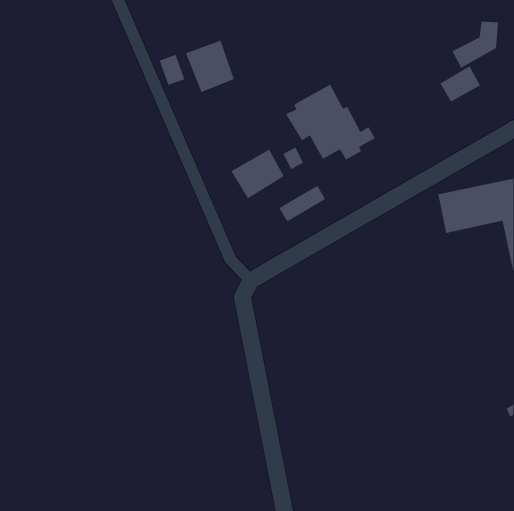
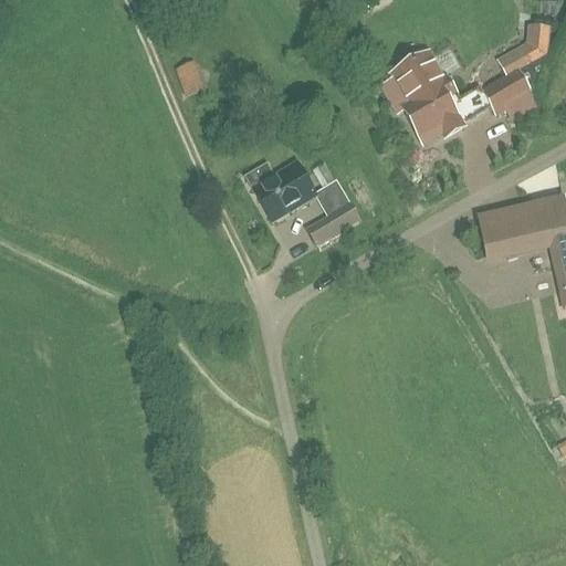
building: [185,40,234,93] -> none
building: [285,84,376,160] -> [378,53,478,137]
building: none -> [313,181,349,217]

